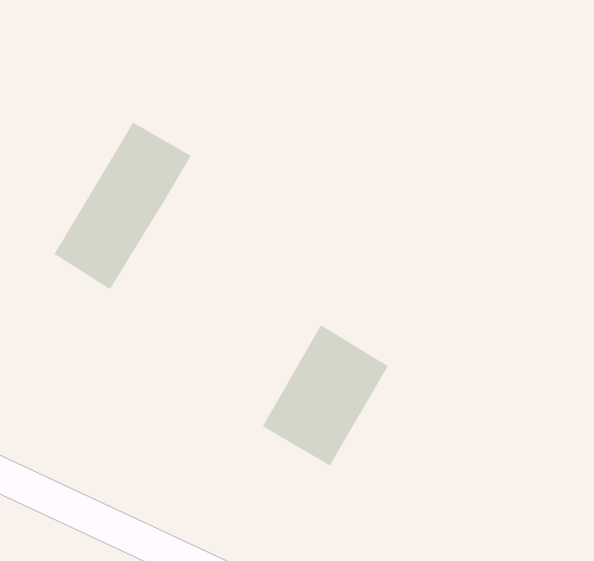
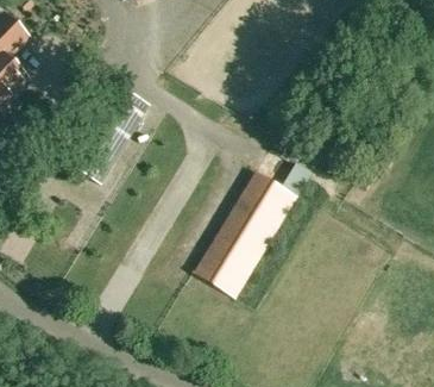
building: none -> [231,168,297,235]

